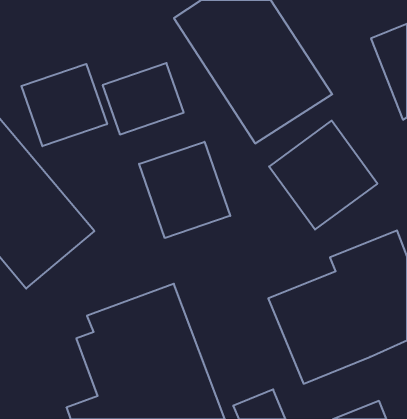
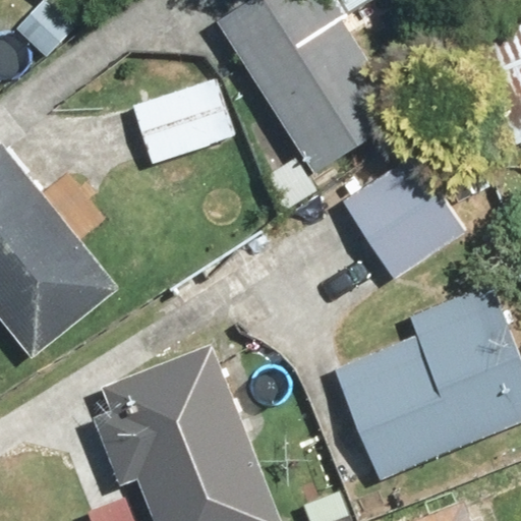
building: [21,64,107,146] -> none
building: [139,142,230,238] -> none

